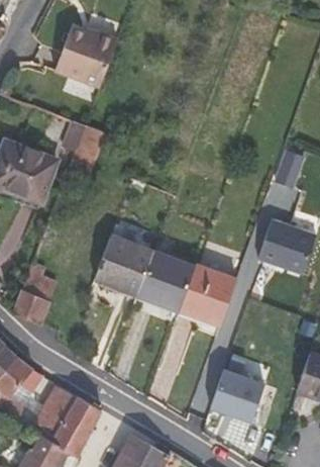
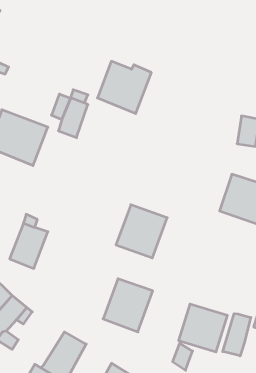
building: [54,28,116,89] -> [97,61,151,114]
building: [94,237,153,297] -> none
building: [179,266,236,328] -> [103,279,153,332]
building: none -> [223,314,251,356]
building: [33,386,77,437] -> none

